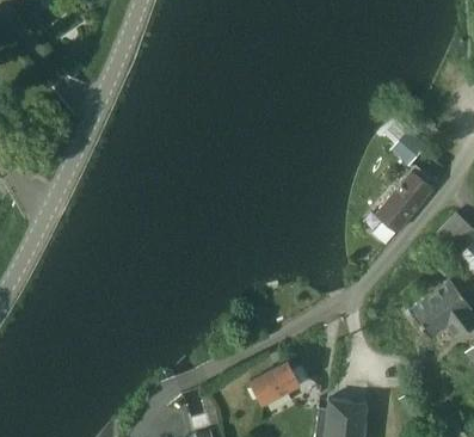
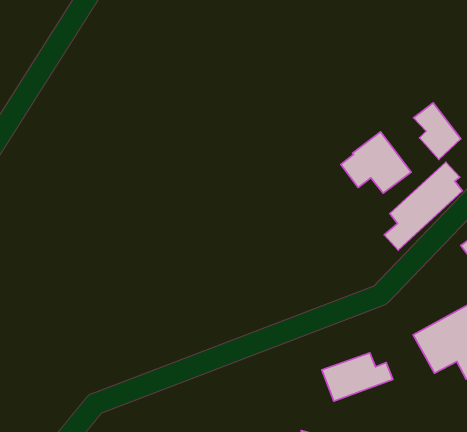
building: none -> [341,132,411,193]
building: [248,362,307,405] -> [322,353,393,401]

